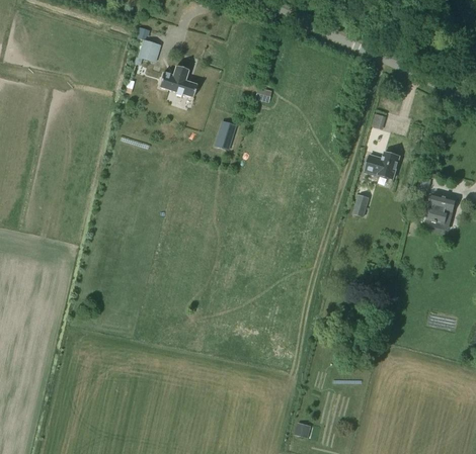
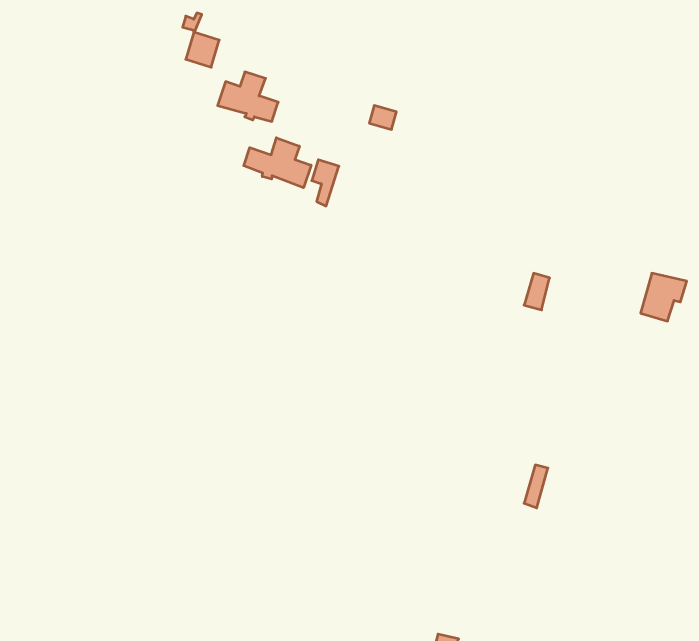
building: none -> [244,138,311,188]
building: [365,151,400,178] -> none

